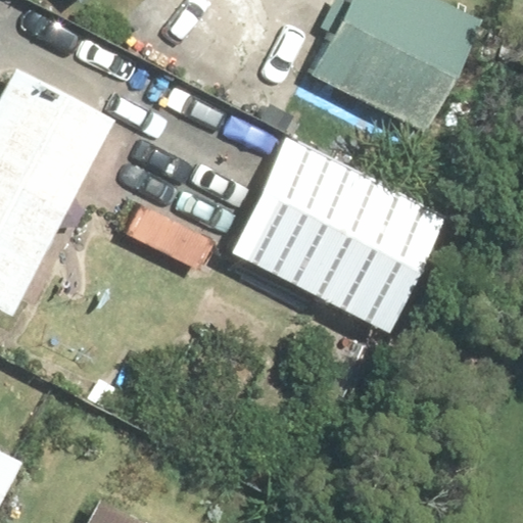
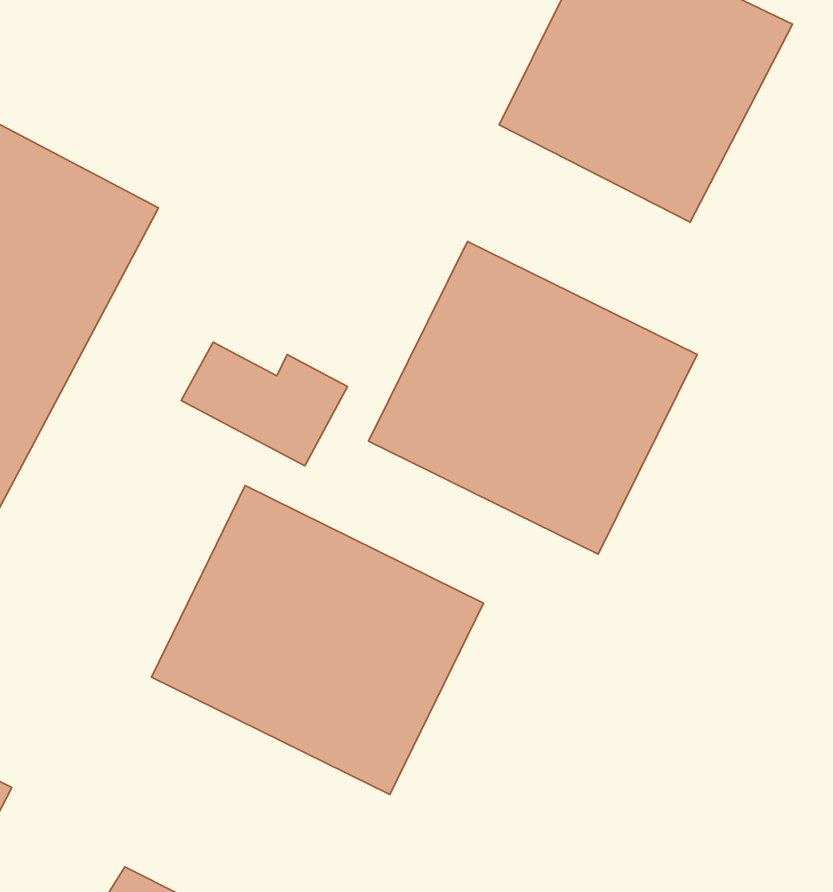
building: none -> [151,486,484,795]

